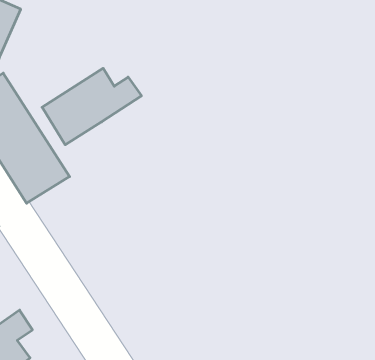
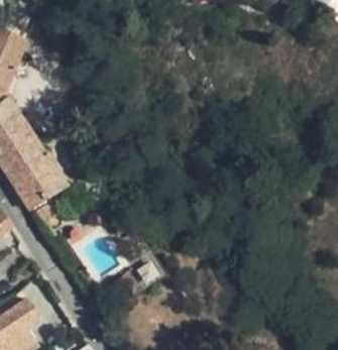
building: [42,68,141,145] -> none

